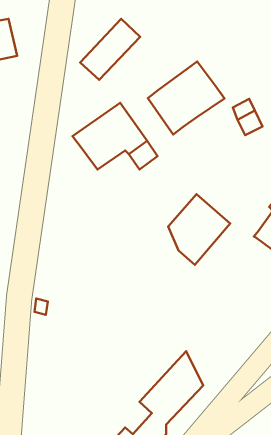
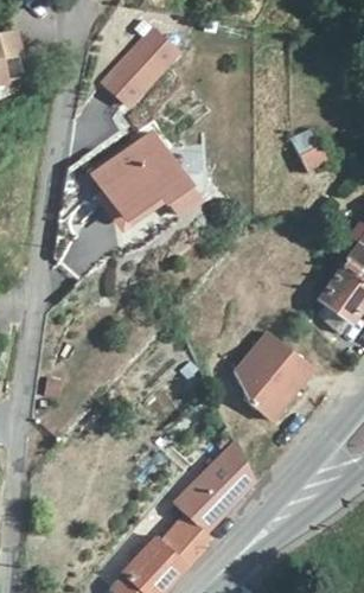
building: [148,61,225,134] -> none
building: [168,194,230,265] -> [236,332,313,420]

